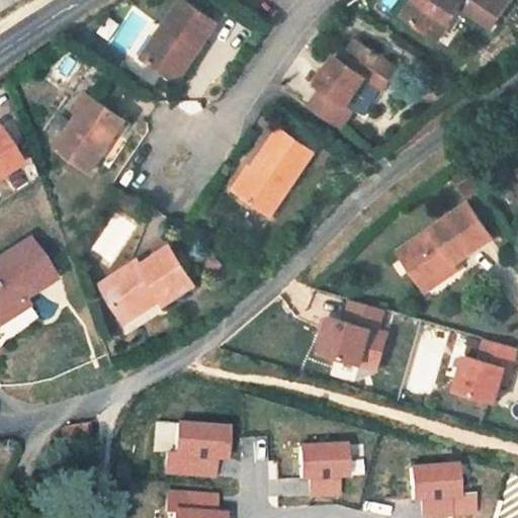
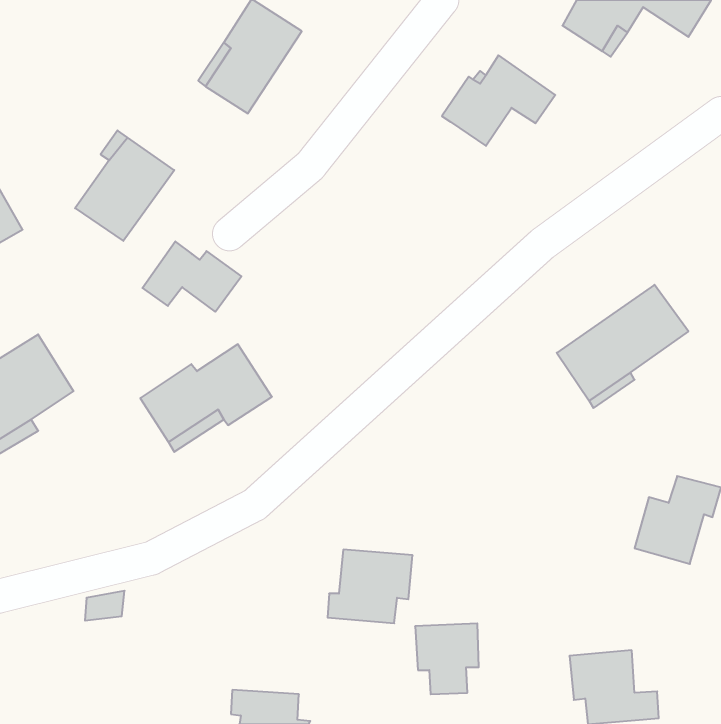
building: [310,87,353,127] -> none
building: [235,132,313,214] -> none
building: none -> [142,241,241,312]
building: [319,299,386,368] -> none
building: [164,424,225,477] -> [328,550,413,623]

